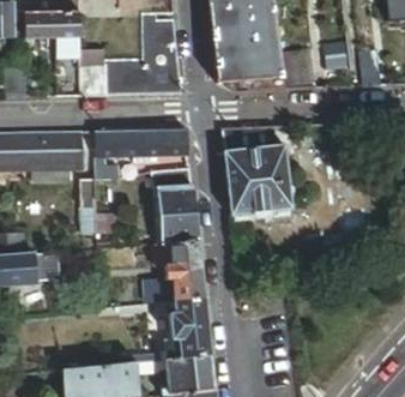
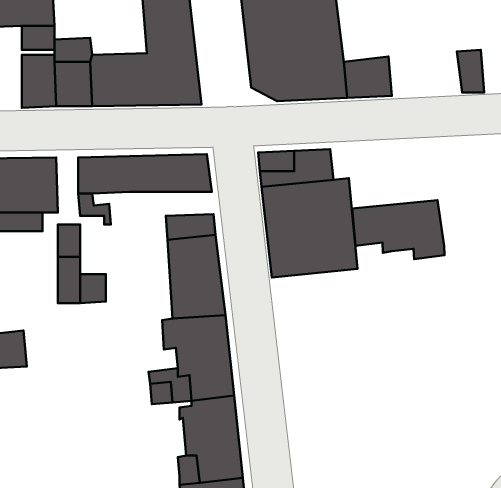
building: none -> [352,200,445,259]

